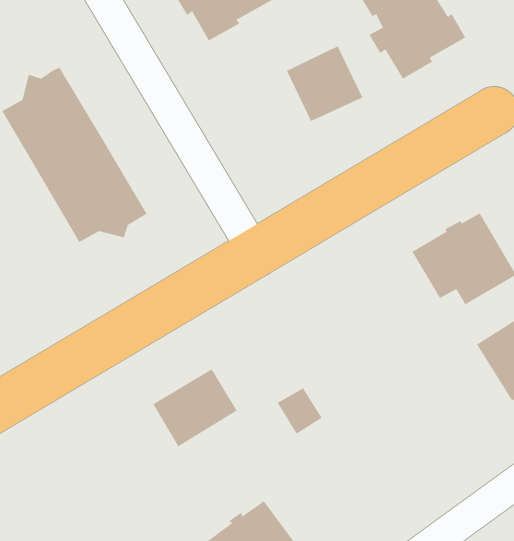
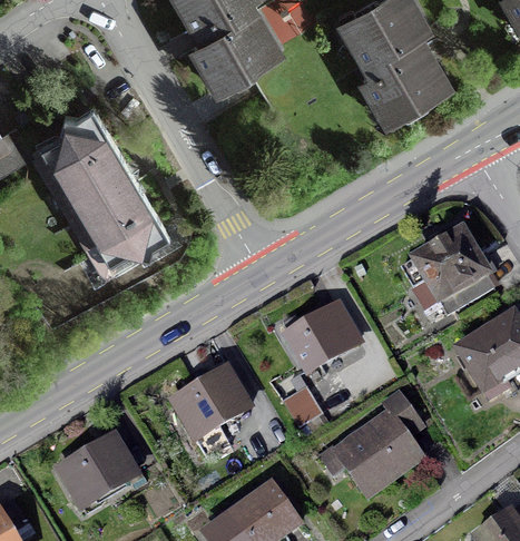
building: [286,46,363,122] -> none
building: none -> [282,307,357,373]
building: none -> [333,395,420,499]
building: none -> [59,440,134,508]

